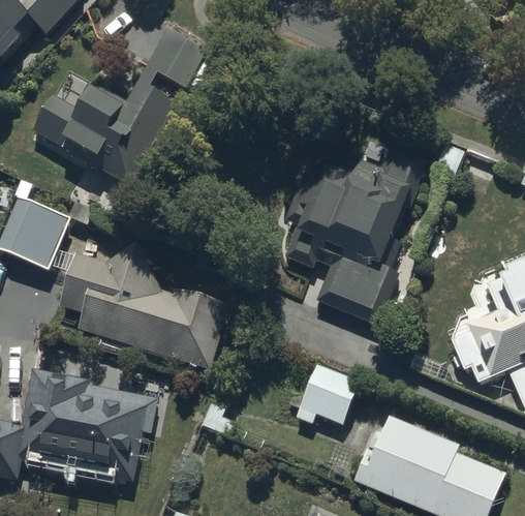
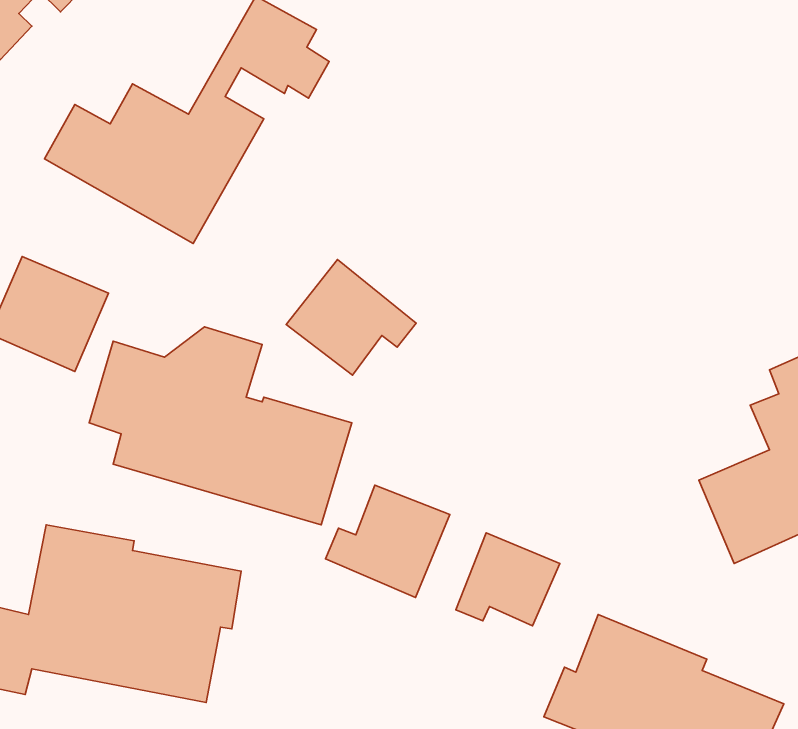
building: [284,151,427,331] -> none
building: none -> [286,260,416,375]
building: none -> [326,485,450,597]

